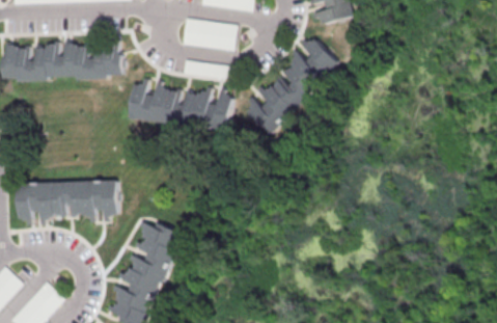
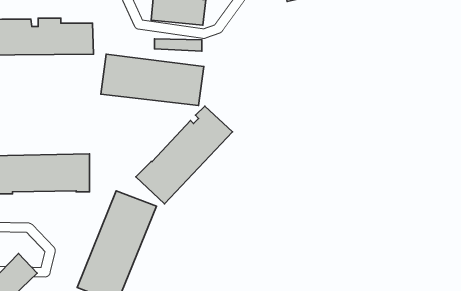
building: [243,37,340,136] -> [136,106,233,204]

